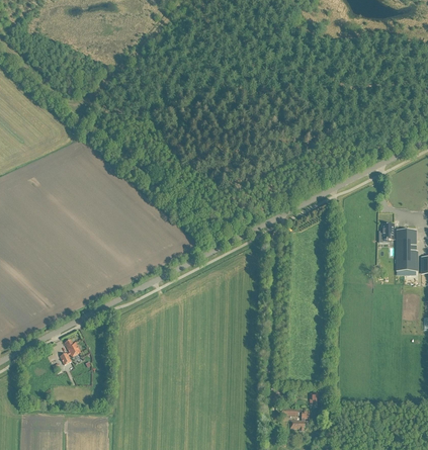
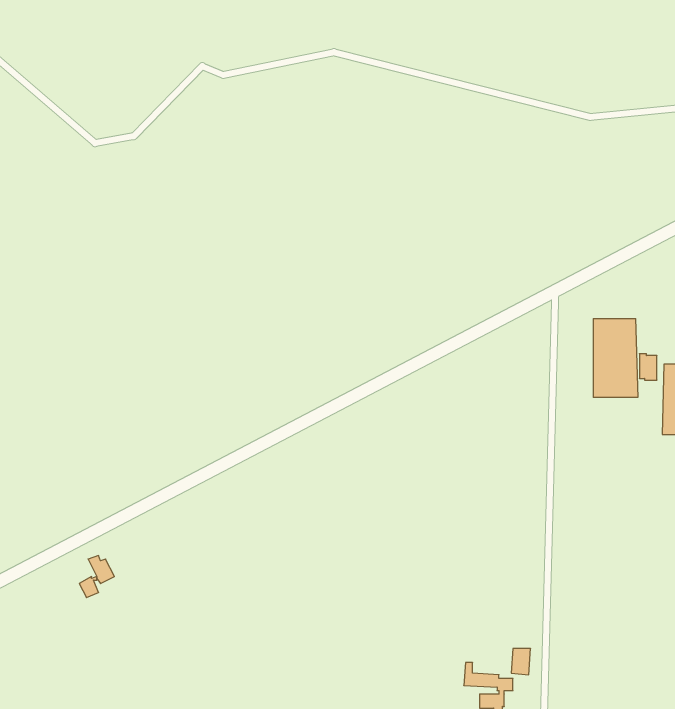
building: none -> [593,319,638,397]

